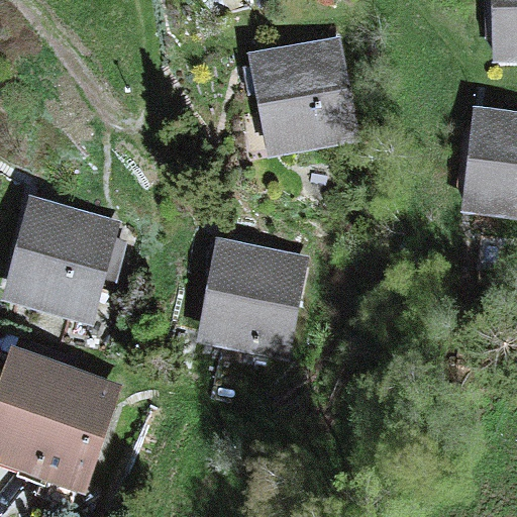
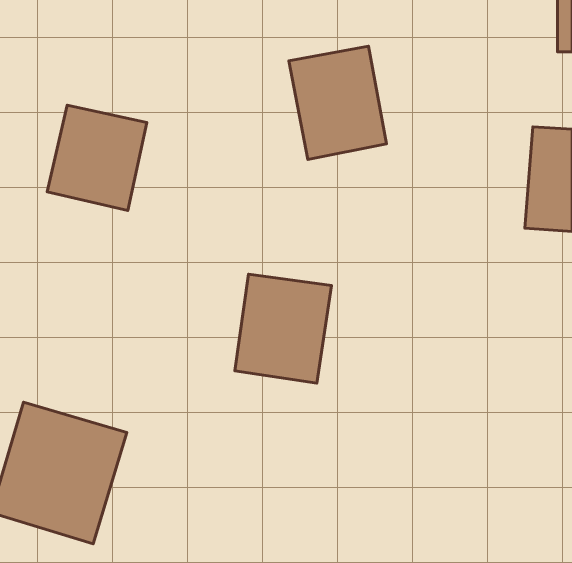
building: none -> [47,105,147,210]
building: [11,208,107,312] -> none

